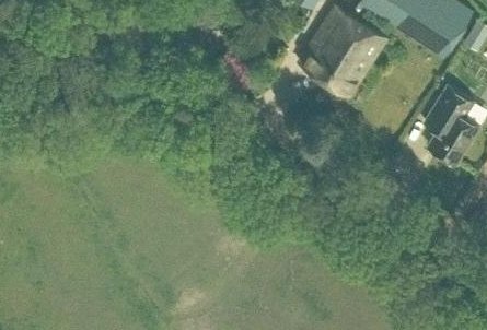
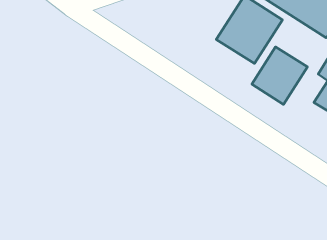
building: none -> [252,47,308,104]

